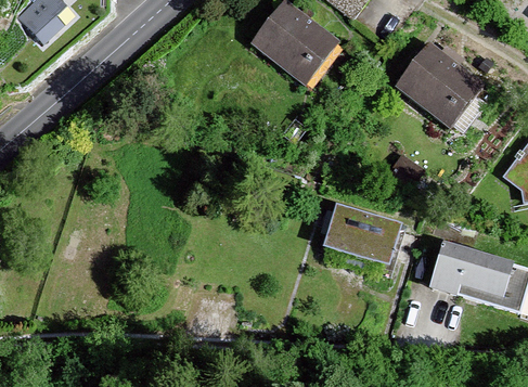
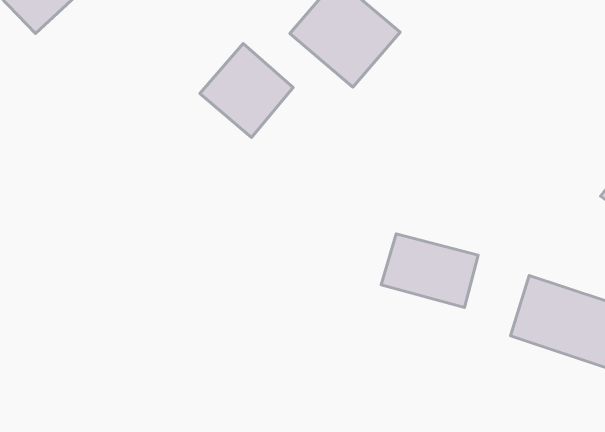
building: [396,41,487,129] -> none
building: none -> [200,44,293,137]

